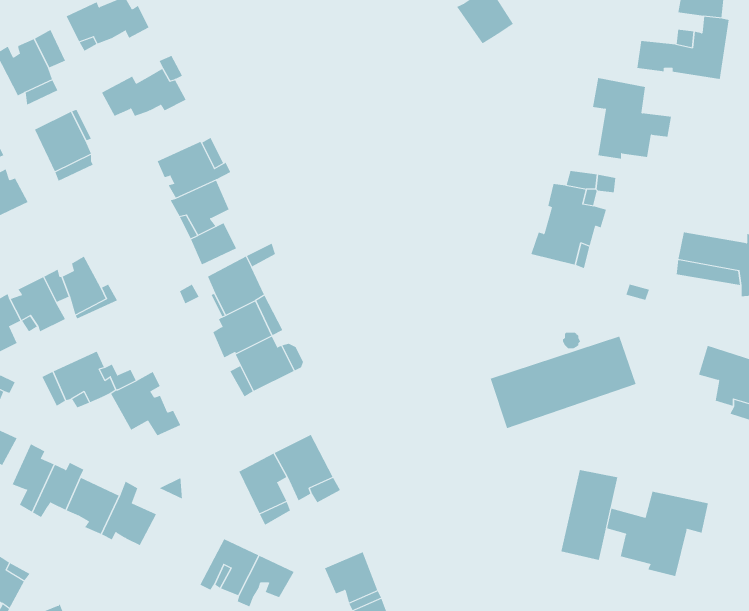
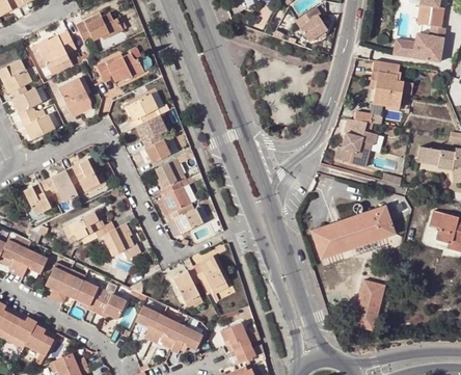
building: [607,491,709,577] -> none
building: none -> [136,306,164,343]

